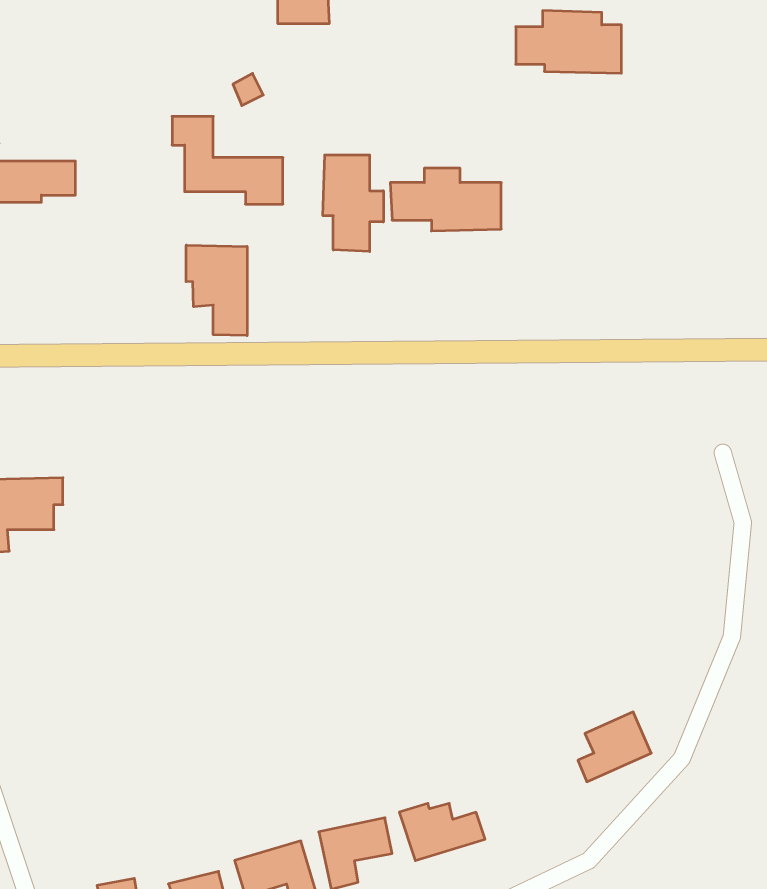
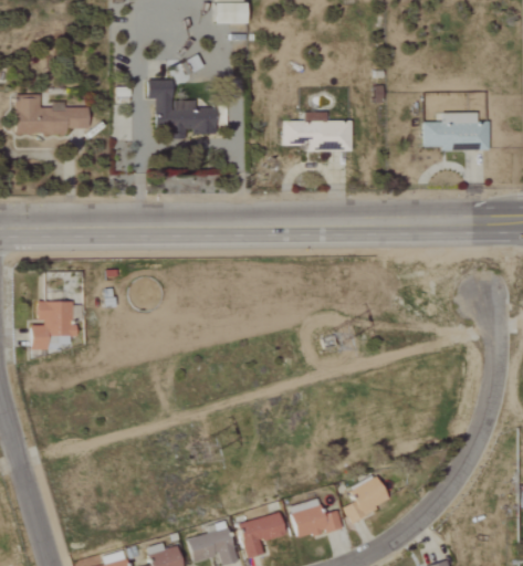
building: [516,11,621,73] -> [425,112,490,150]
building: [323,155,383,252] -> none
building: [186,245,247,336] -> none
building: [578,712,651,782] -> [344,476,389,520]

